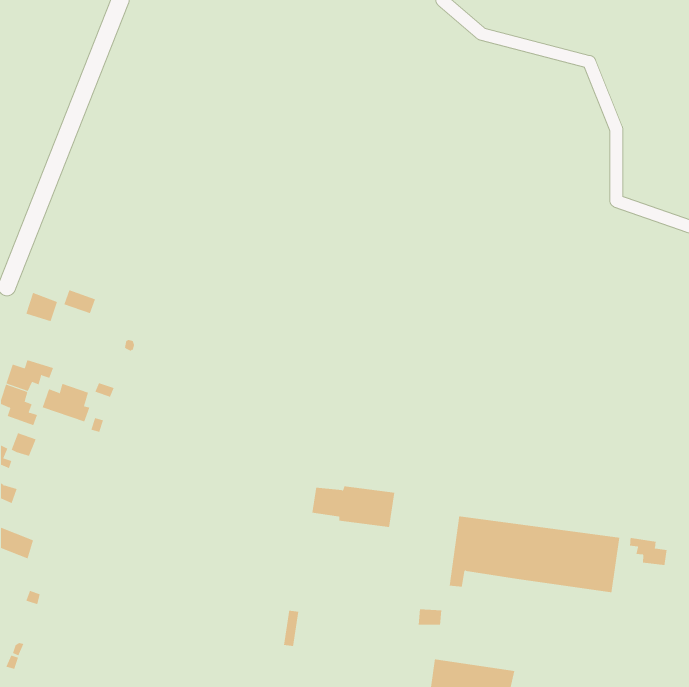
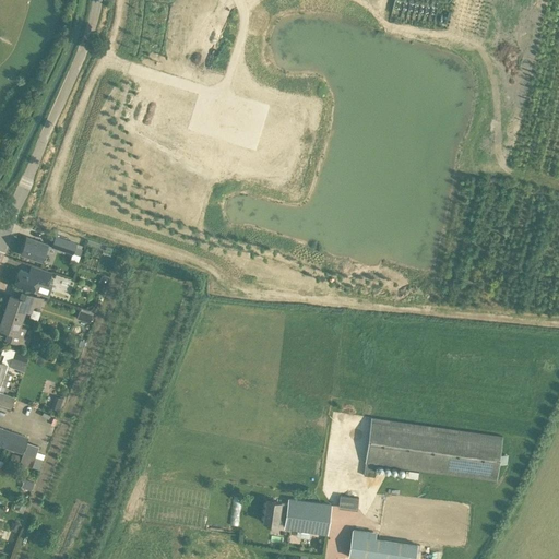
building: [42,383,90,422] -> [14,265,53,297]
building: [311,486,395,528] -> [263,500,331,534]
building: [629,537,667,566] -> none

